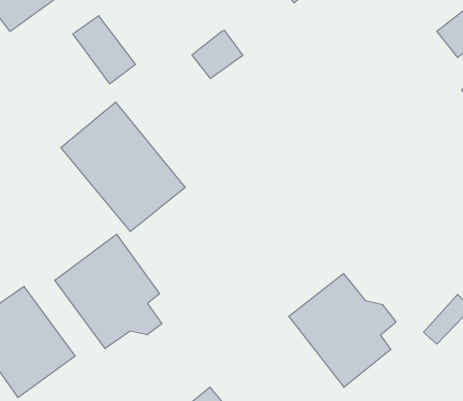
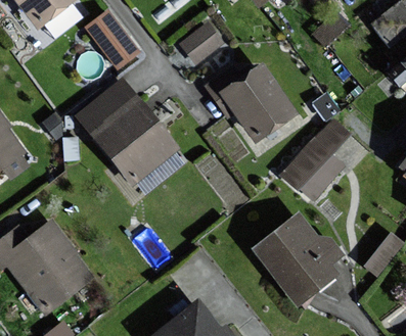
building: none -> [208,65,298,140]
building: none -> [279,123,348,207]
building: [55,234,162,349] -> none

